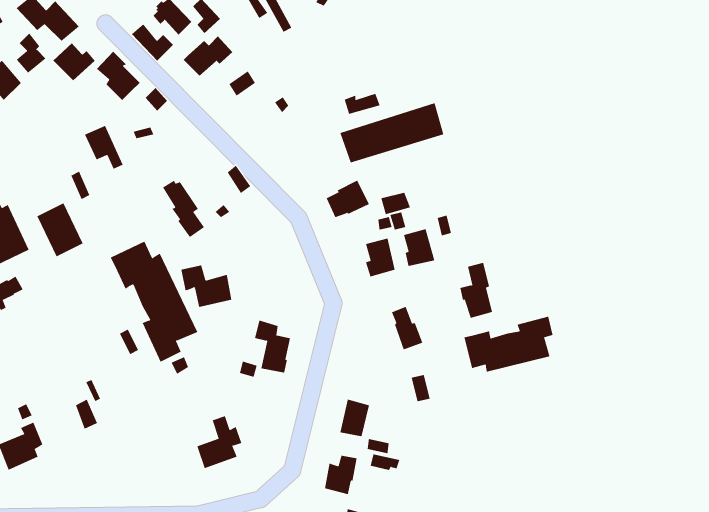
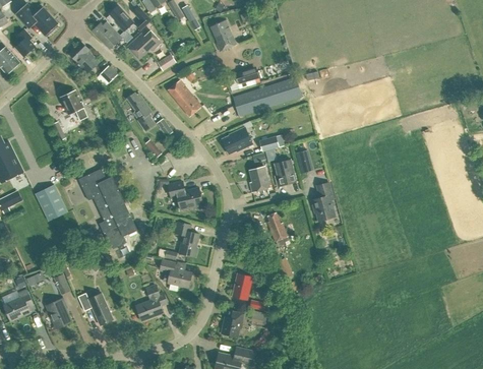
building: none -> [212,19,236,51]
building: [52,42,96,81] -> none
building: none -> [168,79,201,116]
building: [162,180,205,238] -> [127,93,156,131]
building: [36,202,83,257] -> [36,184,67,221]
building: [180,265,232,307] -> [168,181,202,209]
building: [464,316,553,373] -> none
building: none -> [160,259,192,287]
building: none -> [78,293,114,324]
building: none -> [46,297,72,328]

